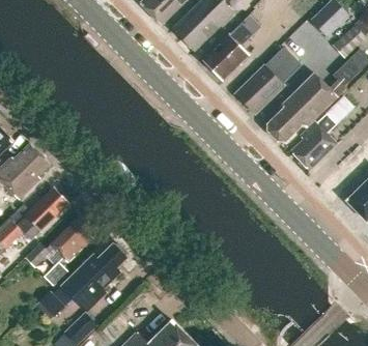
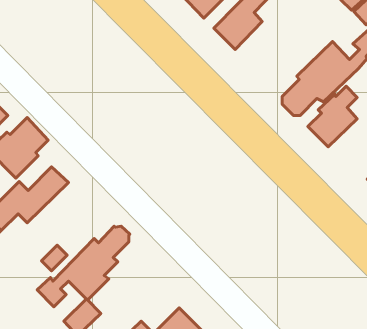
building: [234,50,293,114] -> none
building: [25,215,92,267] -> none

